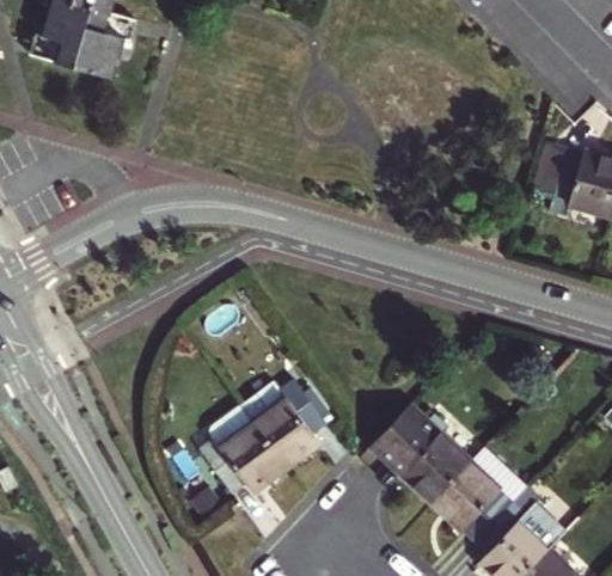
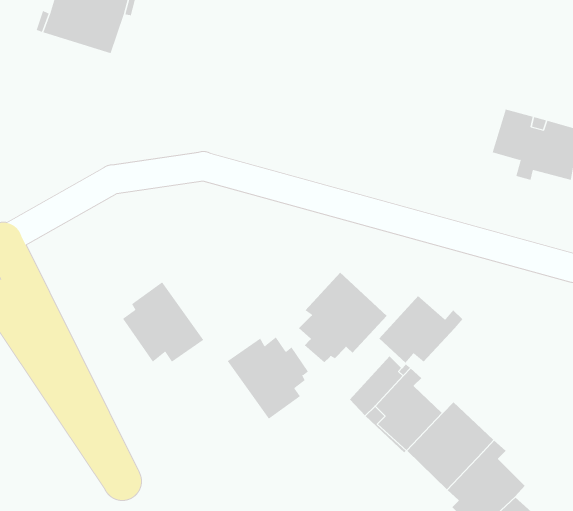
building: none -> [298,272,388,363]
building: none -> [379,295,463,363]
building: [198,406,286,492] -> [122,282,204,362]

